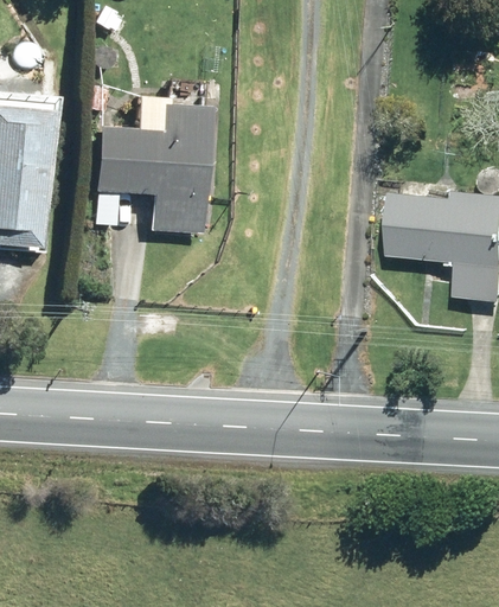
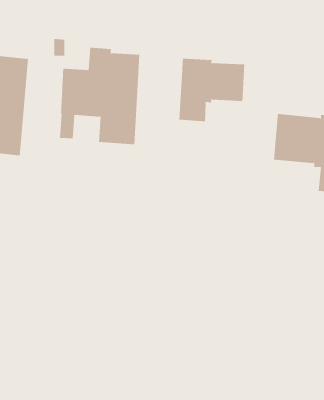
building: none -> [179,58,245,122]

